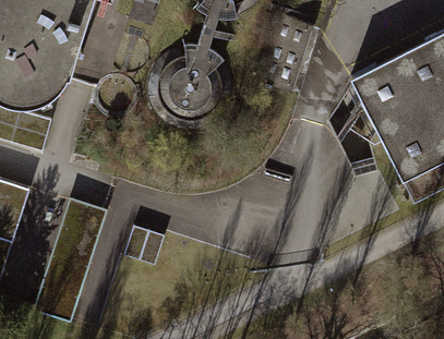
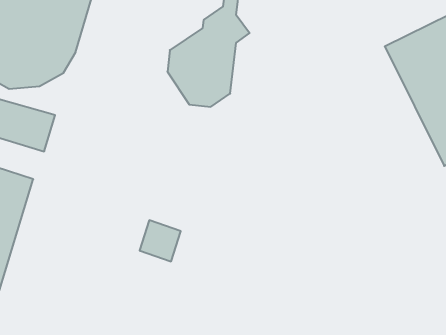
building: [34,205,105,328] -> none

